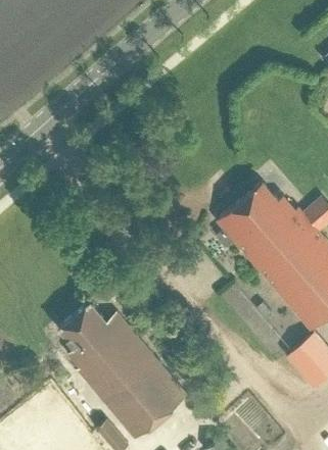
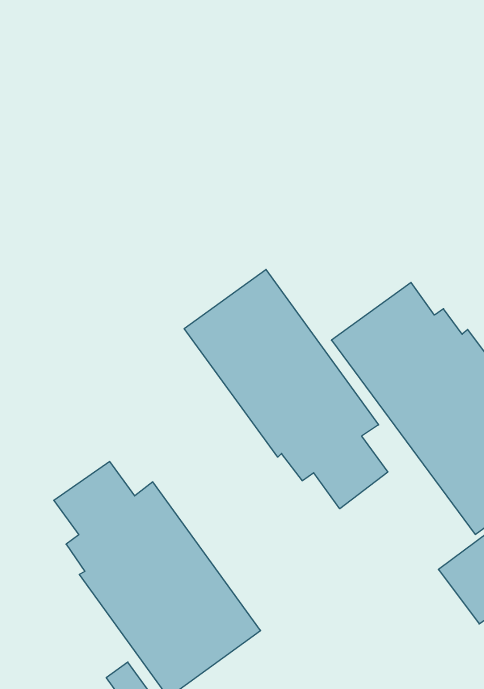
building: none -> [184,269,388,509]

